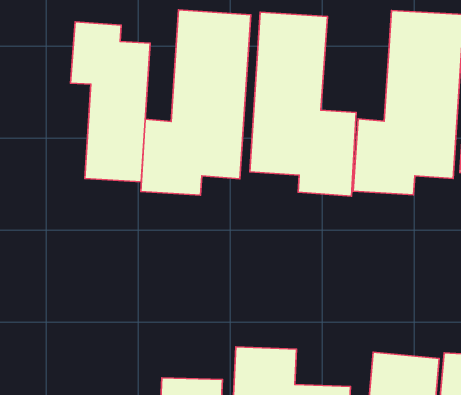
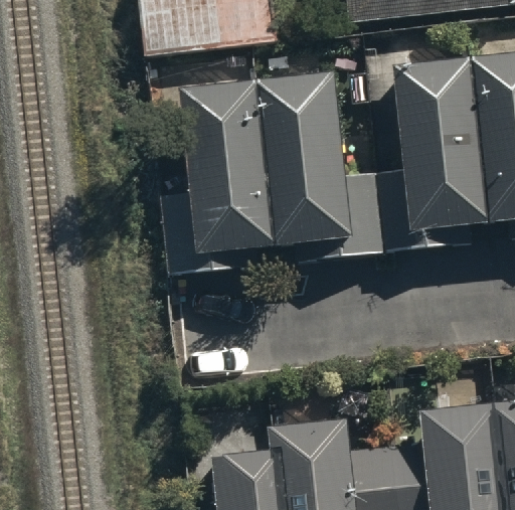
building: [71,22,150,182] -> none

